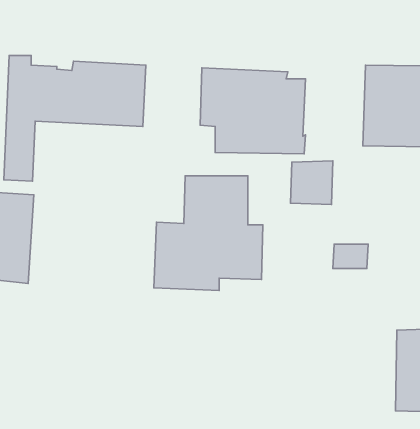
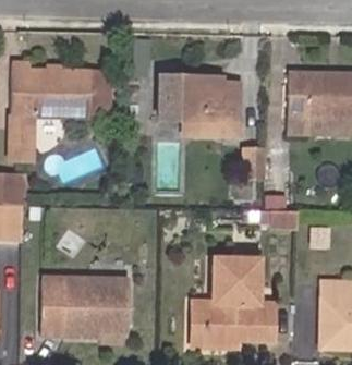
building: [154,176,263,290] -> [183,260,270,352]
building: none -> [36,278,123,338]

